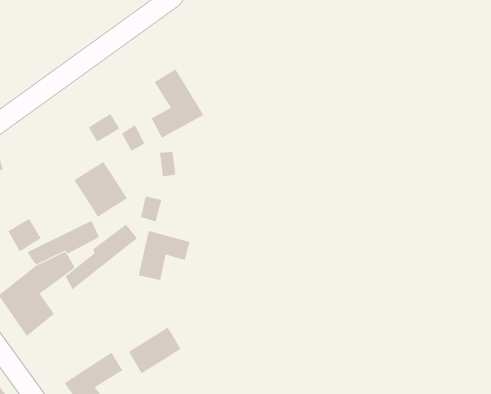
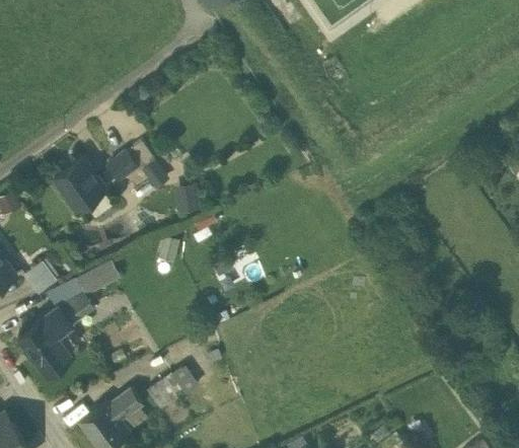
building: [151,68,204,139] -> none
building: [74,161,128,217] -> [50,160,104,217]
building: [65,224,138,290] -> none
building: [138,230,190,281] -> none

